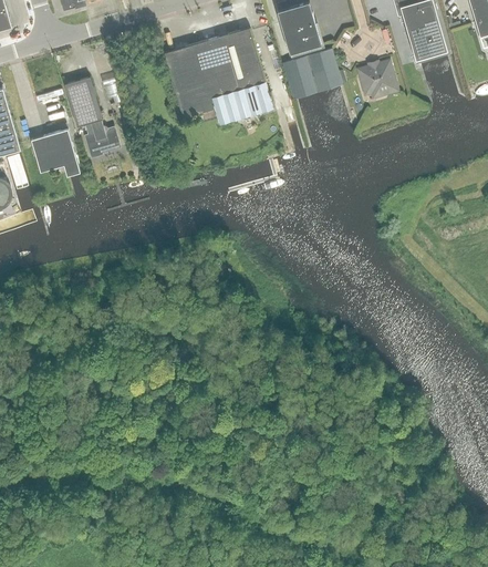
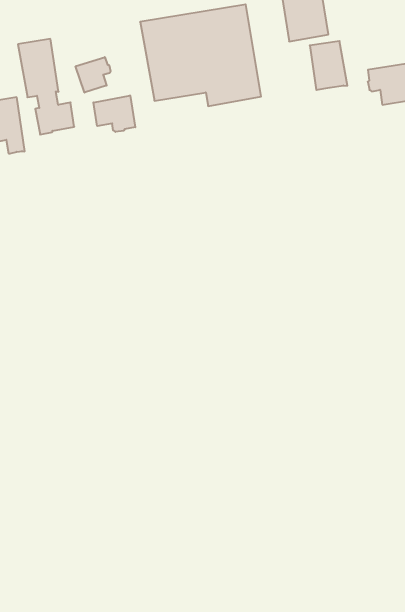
building: [281,55,316,100] -> none
building: none -> [76,57,111,93]
building: none -> [93,95,135,132]

